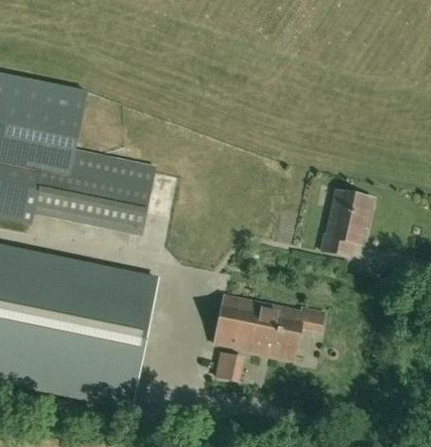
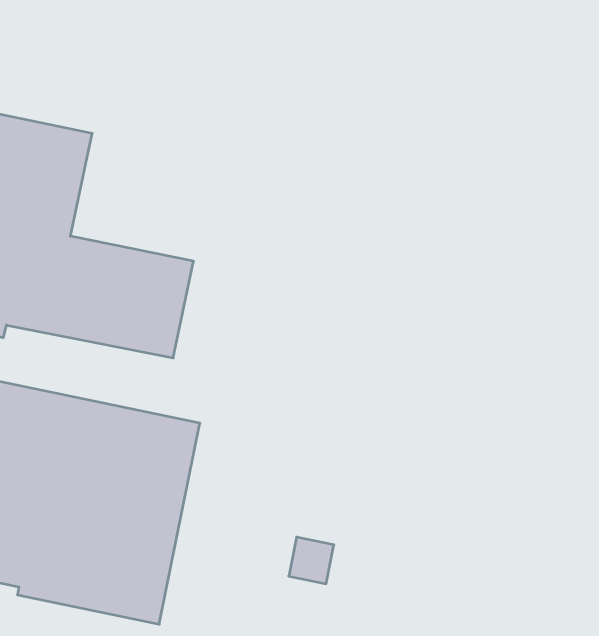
building: [321,190,372,252] -> none
building: [214,295,323,358] -> none

